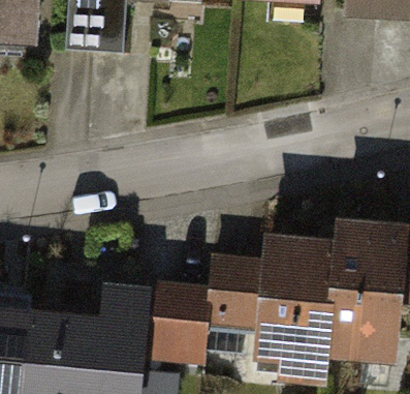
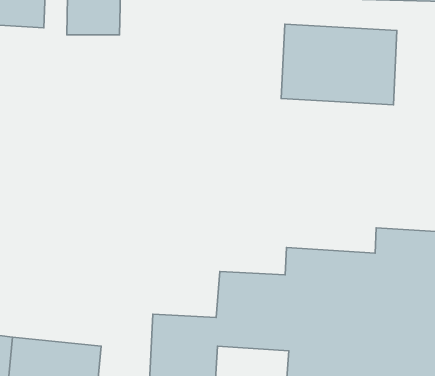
building: none -> [281,24,397,105]

